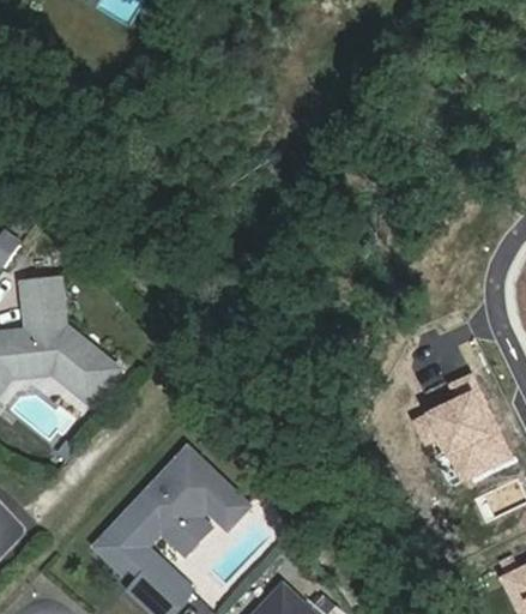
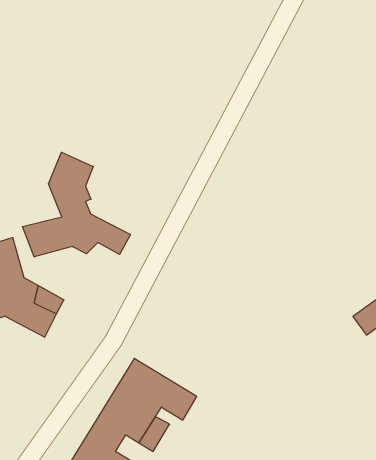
building: none -> [22,152,130,257]

